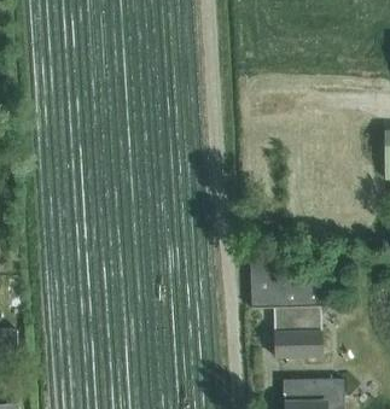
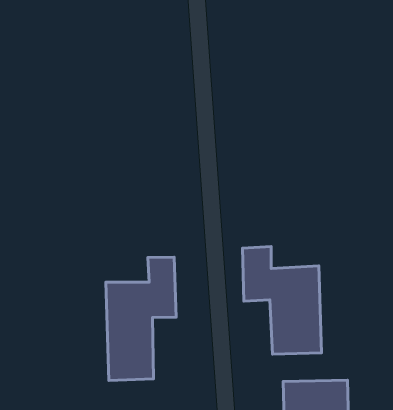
building: none -> [106,257,176,381]

